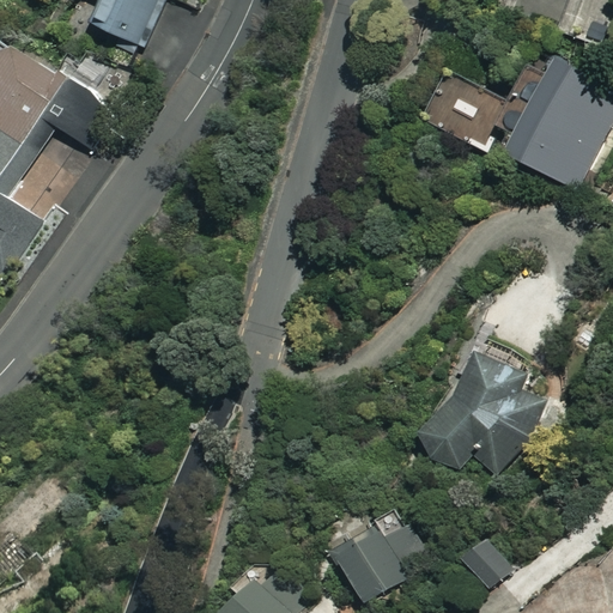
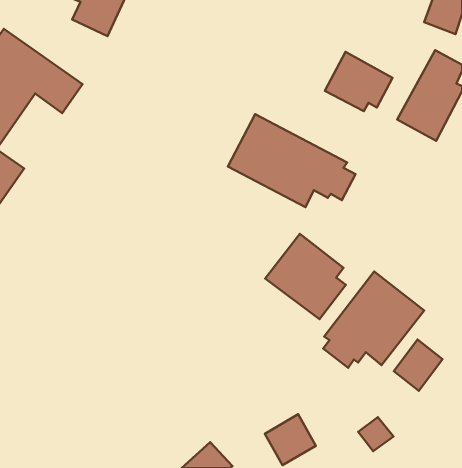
building: none -> [228,114,355,207]
building: none -> [265,234,346,319]
building: none -> [394,340,443,391]

